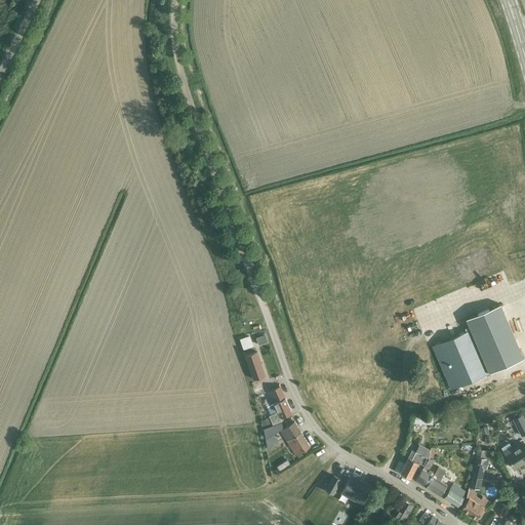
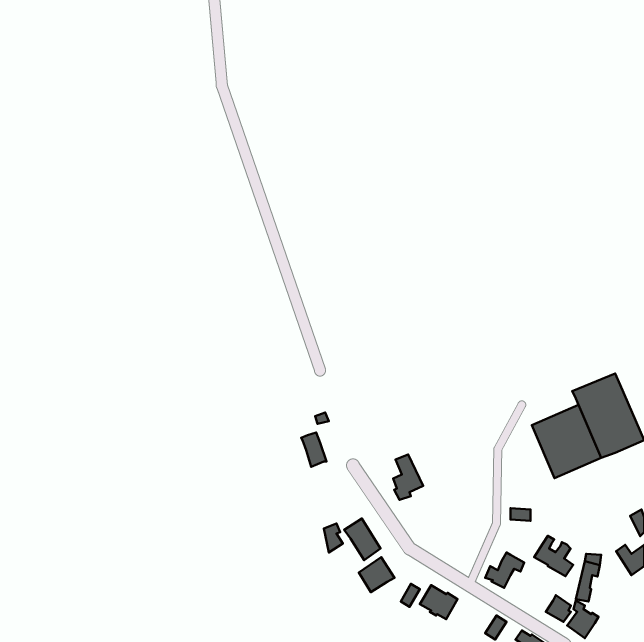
building: [268,389,292,426] -> [393,454,423,500]
building: none -> [359,557,395,592]
building: [415,463,447,496] -> [534,536,573,576]

